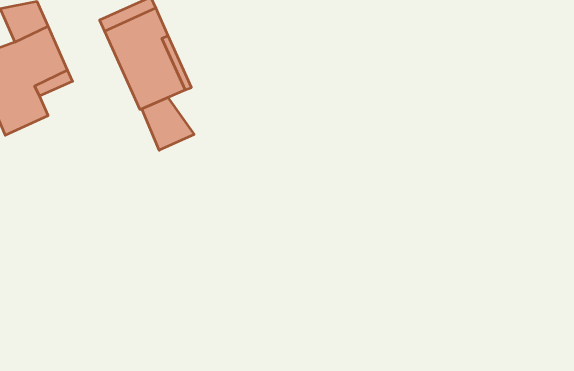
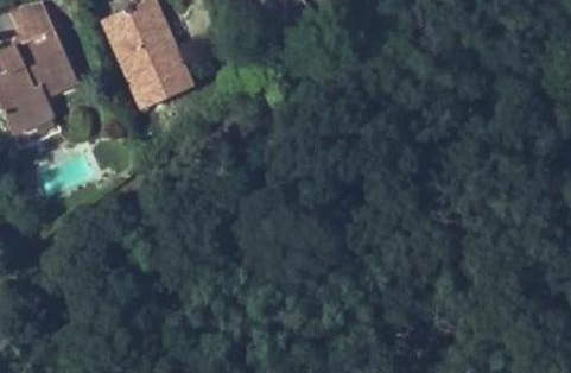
building: [142,97,194,150] -> none

